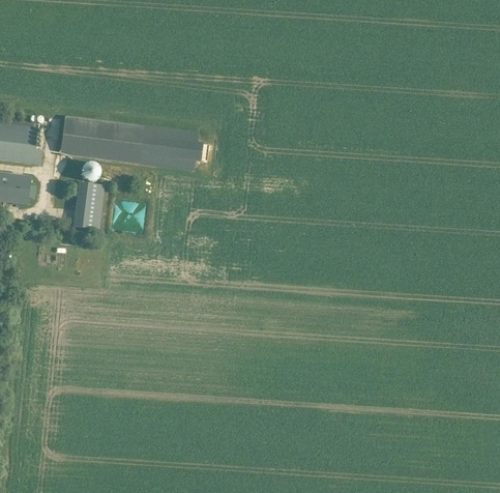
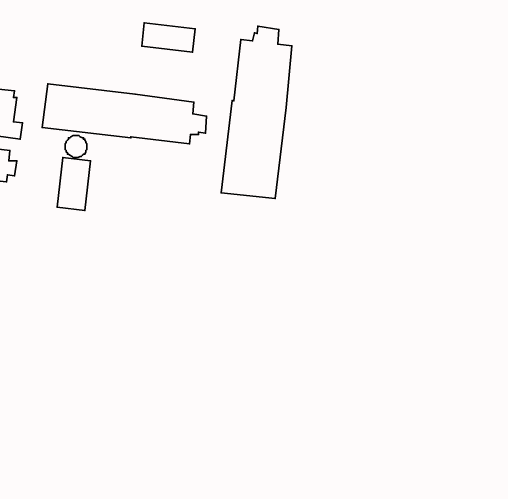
building: none -> [142,23,195,52]
building: none -> [221,26,292,199]

